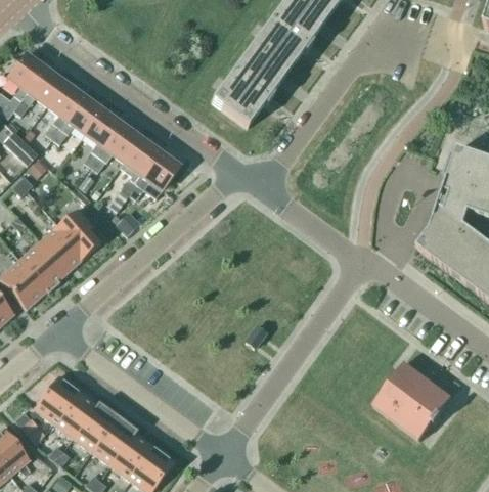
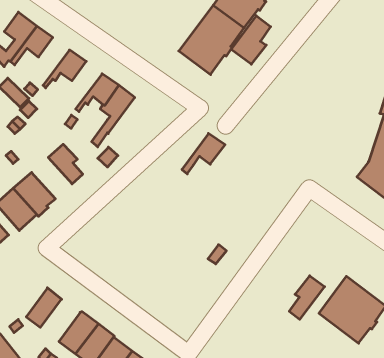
building: none -> [231,16,271,64]
building: [45,84,85,139] -> none
building: [84,111,123,167] -> none
building: [130,153,180,200] -> [182,133,225,174]
building: [41,223,88,271] -> none
building: none -> [289,276,325,319]
building: [51,388,97,437] -> none

